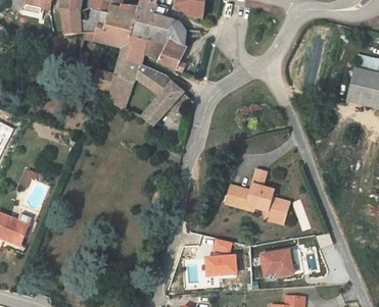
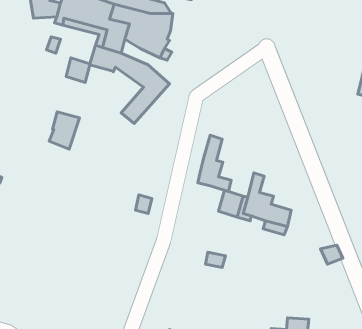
building: [106,75,133,108] -> [49,112,80,149]
building: none -> [198,135,231,192]
building: [260,250,294,276] -> none
building: [206,256,236,275] -> none

